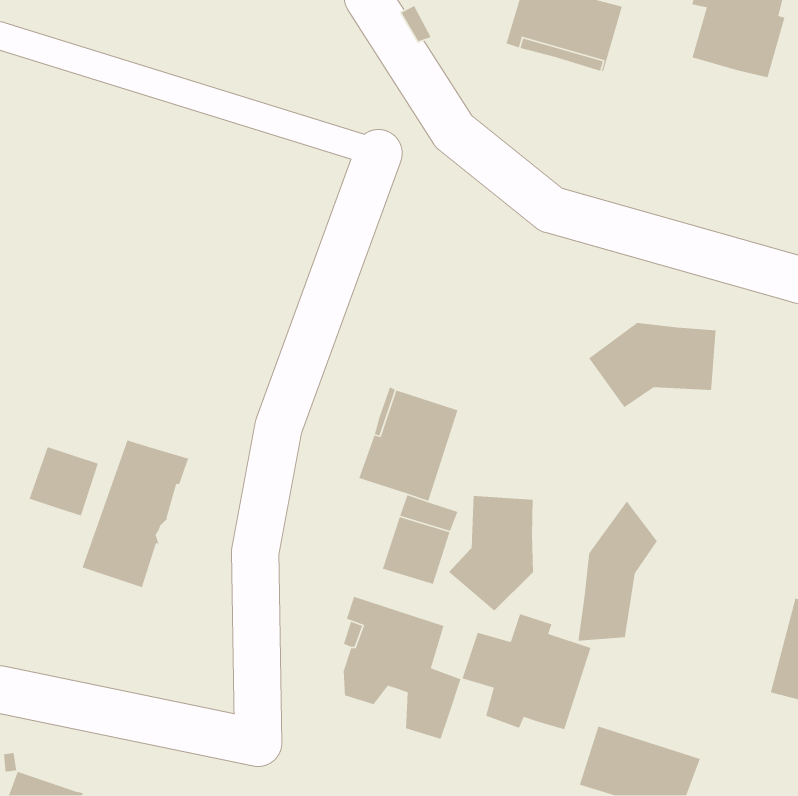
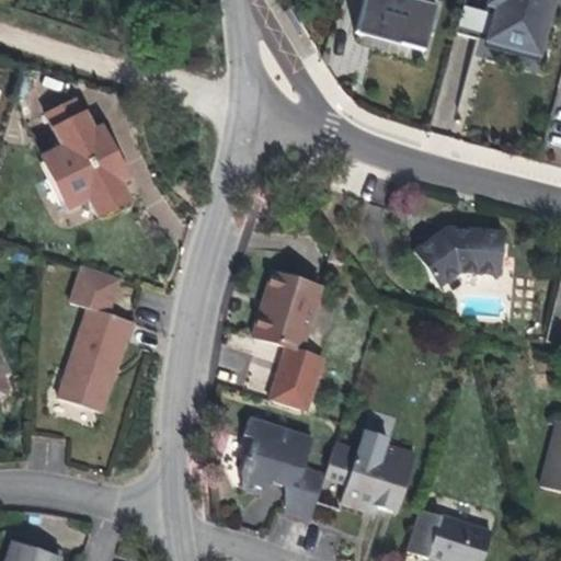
building: none -> [42,99,129,215]
building: [28,446,99,516] -> [70,264,119,313]
building: [448,495,534,611] -> none
building: [577,500,658,642] -> none

